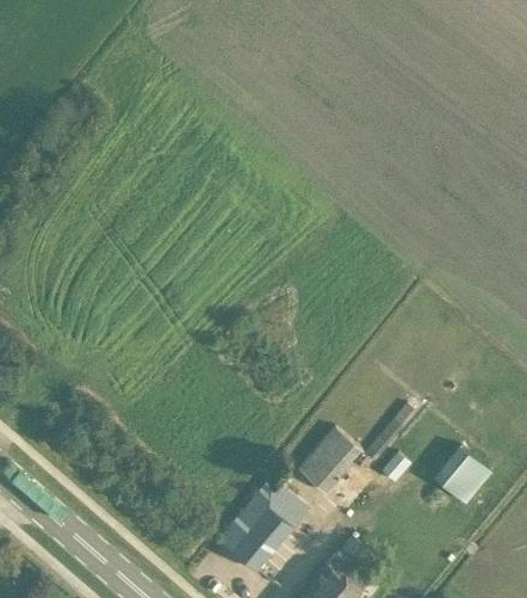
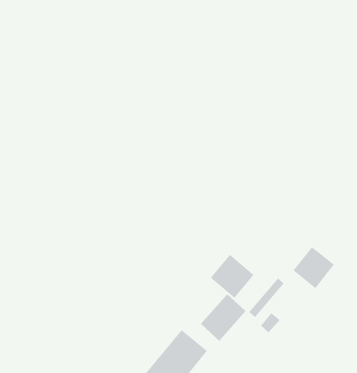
building: none -> [210,254,254,299]
building: [429,446,489,507] -> [293,246,335,289]

